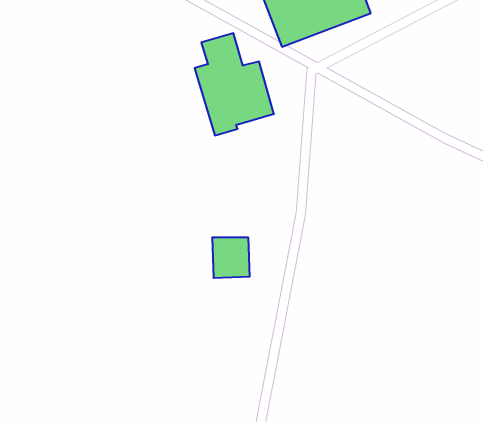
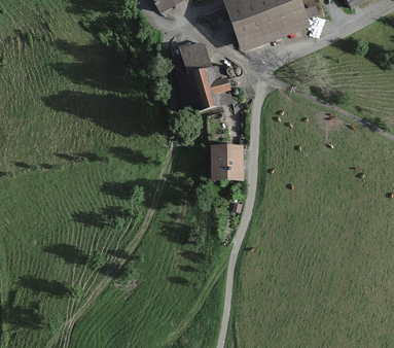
building: [212,238,250,278] -> [214,145,243,176]

